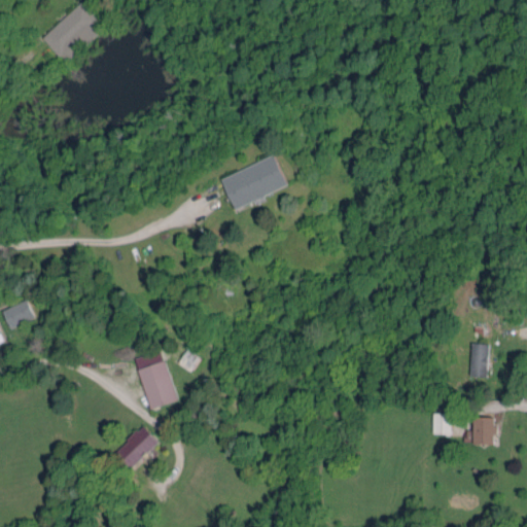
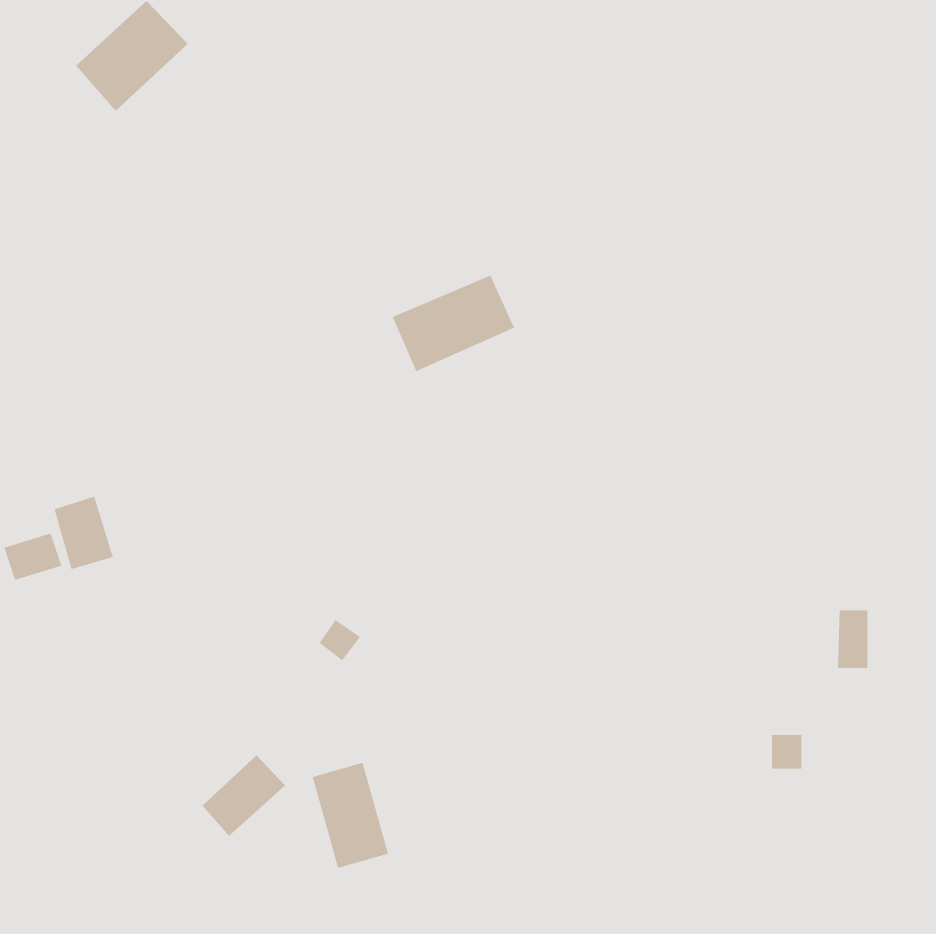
building: none -> [54,496,114,570]
building: [135,350,178,410] -> [312,762,389,868]
building: [464,417,495,444] -> none

